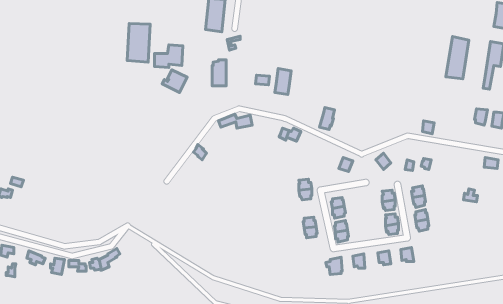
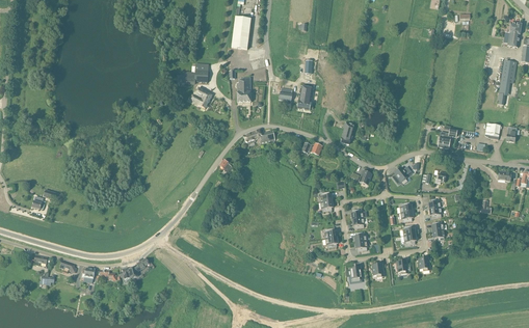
building: [127,24,150,62] -> none
building: [446,37,469,79] -> none

